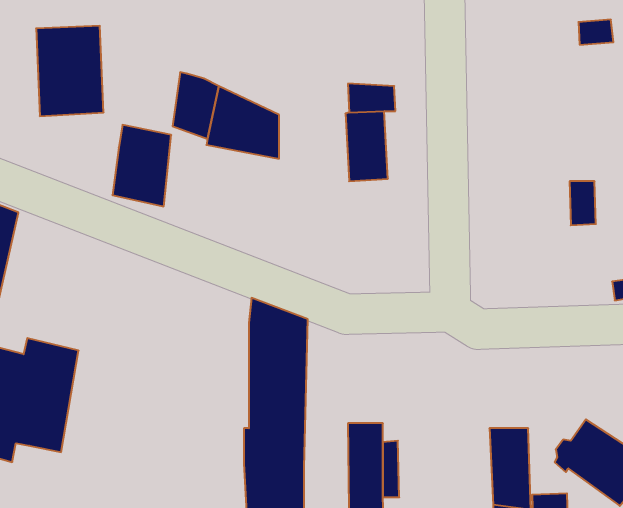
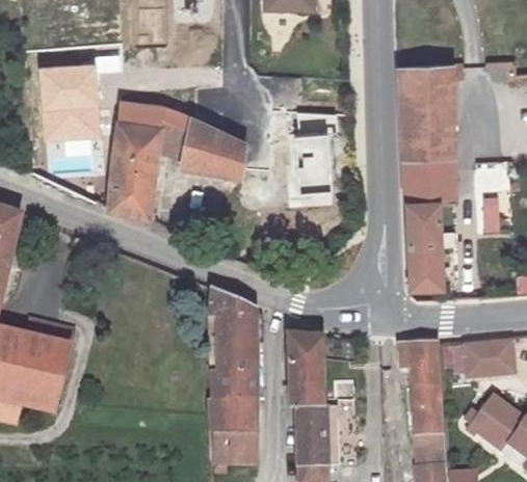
building: none -> [400,63,466,290]
building: none -> [107,100,155,157]
building: none -> [285,326,323,396]
building: none -> [463,339,518,379]
building: none -> [403,342,444,400]

